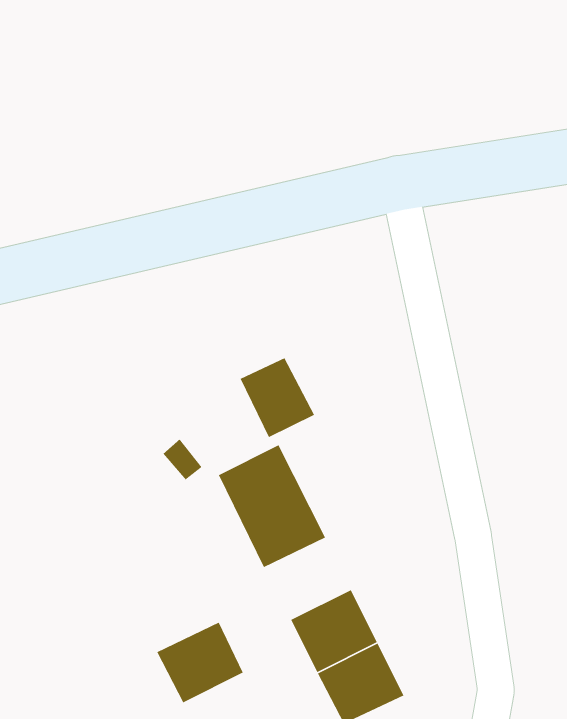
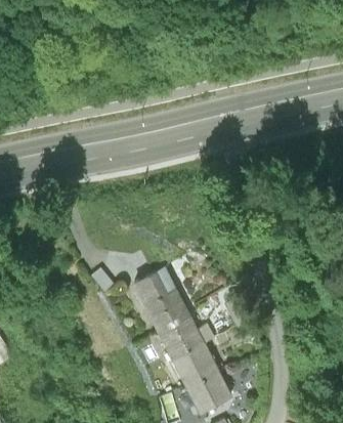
building: [239,357,315,438] -> none
building: [156,621,244,703] -> [157,315,204,359]

